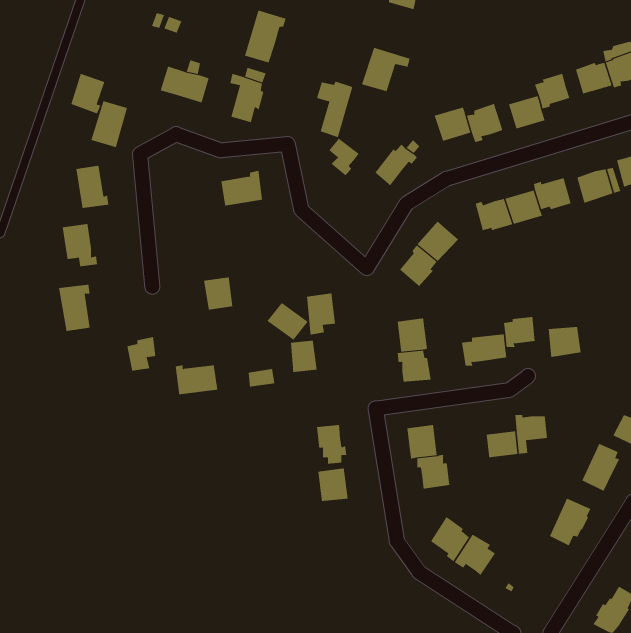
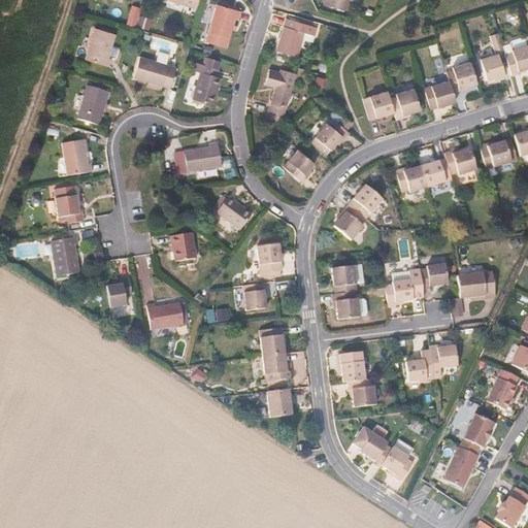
building: [361,47,411,92] -> [276,16,318,54]
building: [70,73,105,114] -> [85,31,113,65]
building: [329,138,360,176] -> [289,148,315,180]
building: [267,302,309,341] -> [217,196,252,228]
building: none -> [262,328,285,355]
building: none -> [439,444,475,486]

